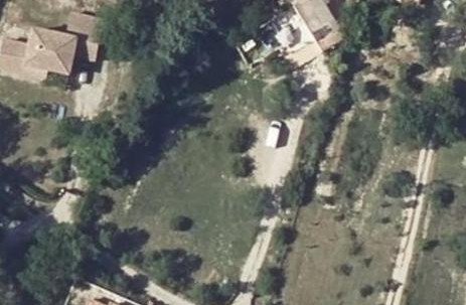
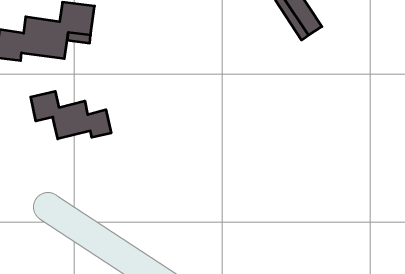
building: none -> [31,91,111,139]

